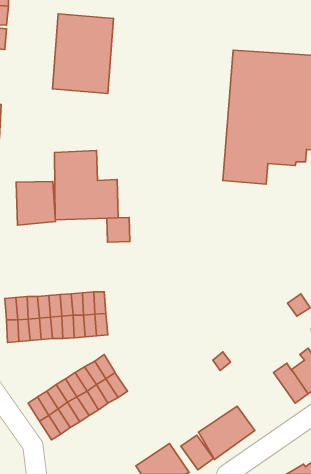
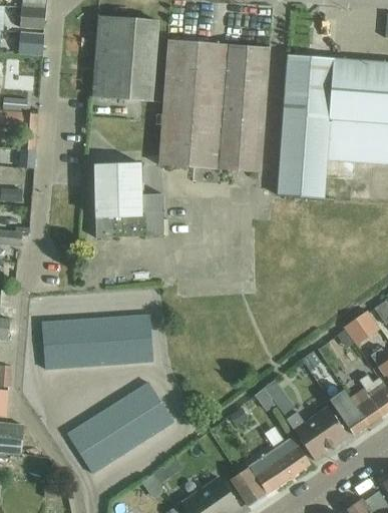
building: none -> [158,41,268,172]
building: [16,181,55,225] -> none
building: [107,217,130,242] -> none
building: none -> [286,407,348,460]

